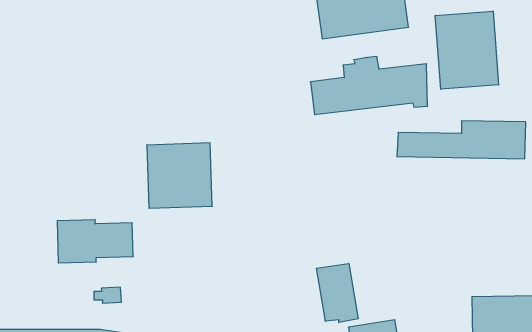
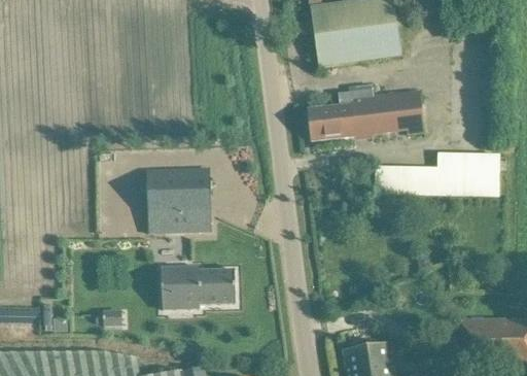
building: [435,11,499,89] -> none
building: [57,220,133,263] -> [162,266,236,308]
building: [317,263,358,323] -> none

